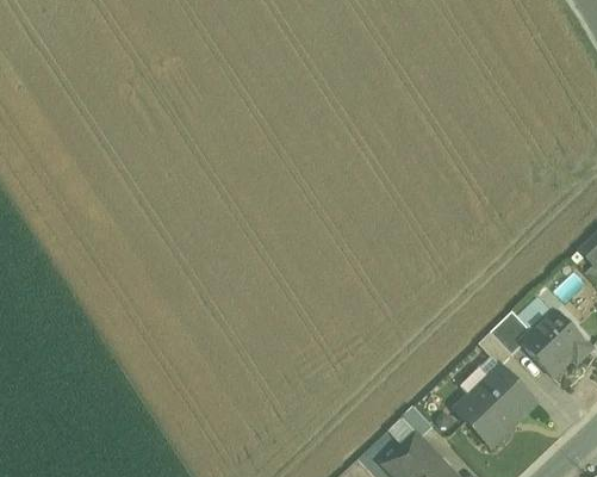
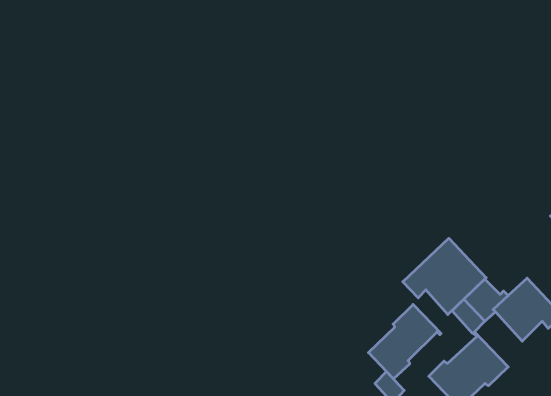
building: none -> [403,238,486,315]
building: none -> [368,304,441,379]

